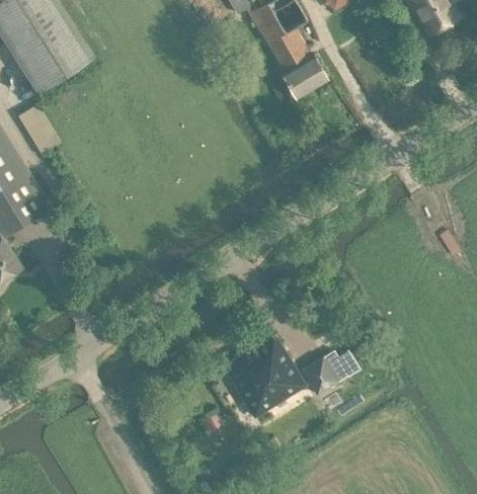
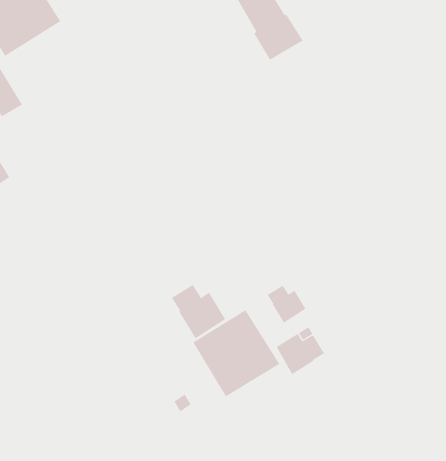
building: none -> [171,284,226,339]
building: none -> [267,285,306,324]

